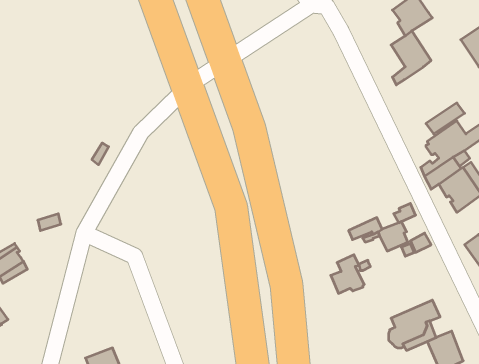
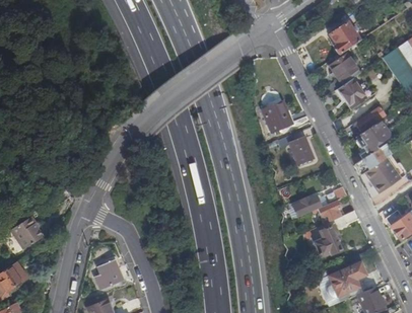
building: none -> [338,79,367,110]
building: none -> [262,100,291,134]
building: none -> [278,135,314,164]
building: [331,255,364,293] -> [315,226,341,256]
building: none -> [95,259,124,290]

